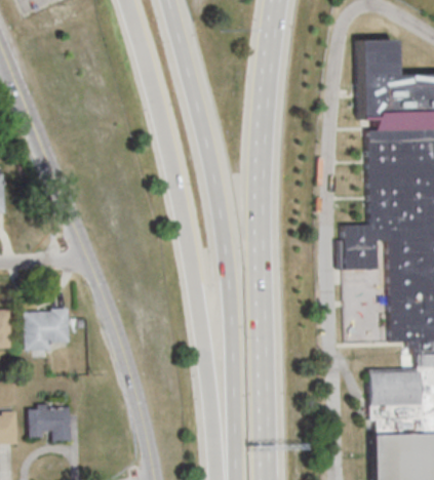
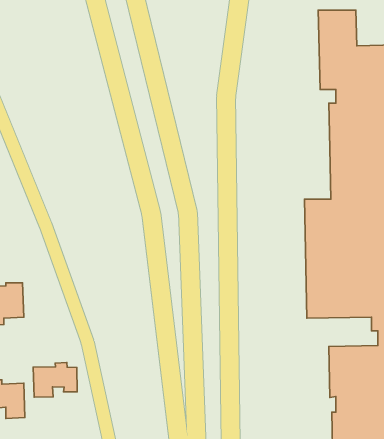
building: none -> [33,363,77,397]

